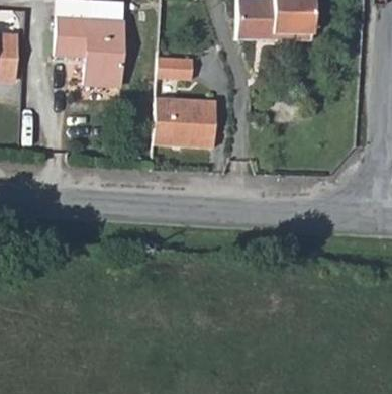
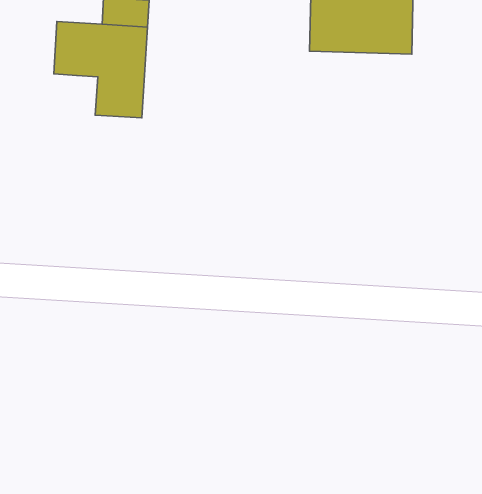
building: [157,57,194,81] -> none
building: [155,96,215,149] -> none

